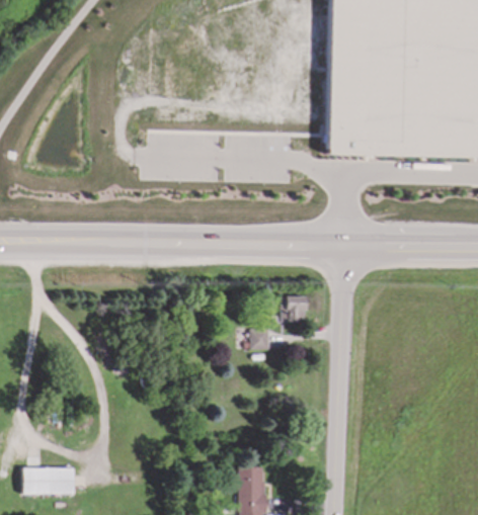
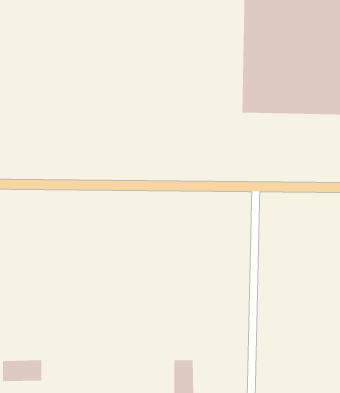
building: [282,295,307,320] -> none
building: [251,328,270,348] -> none

